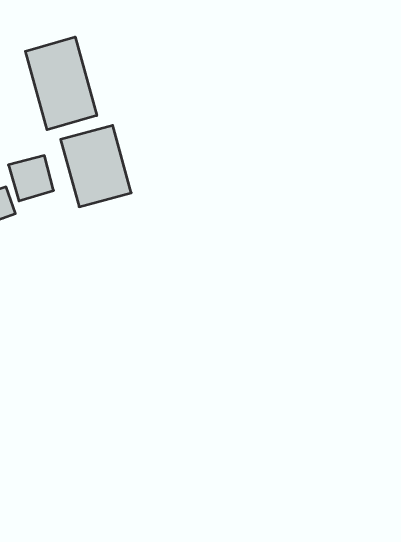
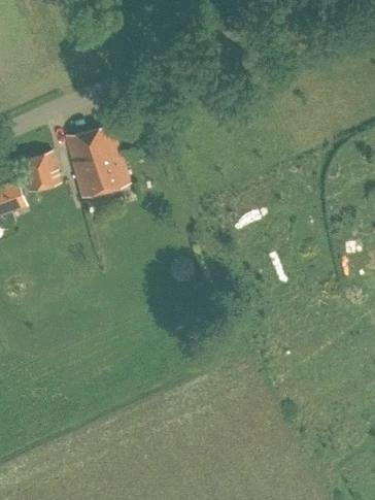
building: [25,37,97,130] -> none

